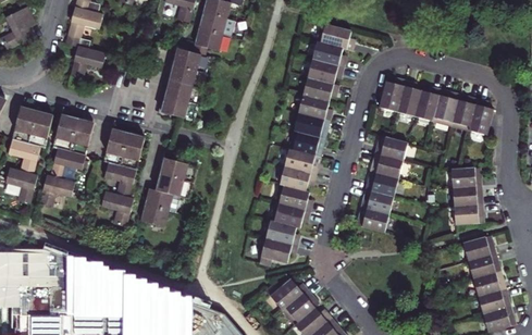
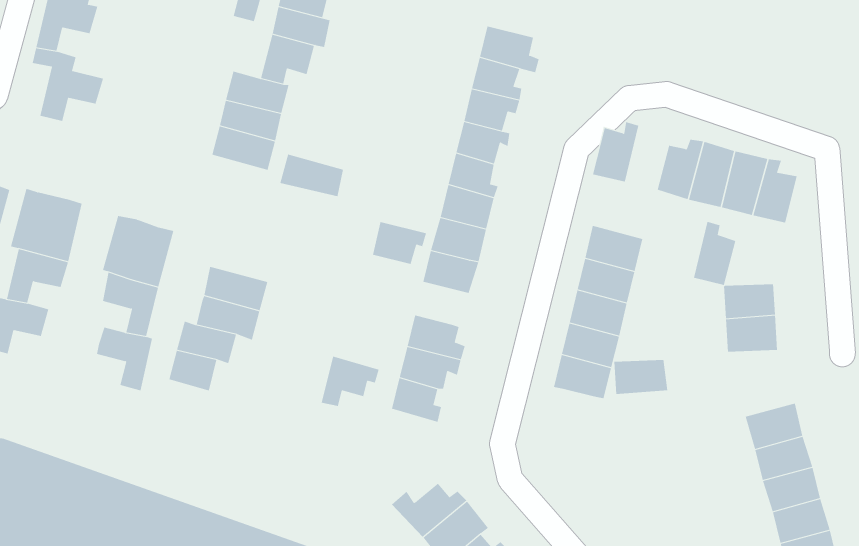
building: [396,78,420,114] -> [693,221,736,286]
building: [161,95,197,119] -> [280,154,344,197]
building: [279,165,309,189] -> [372,222,427,265]
building: [453,203,483,223] -> [613,359,668,395]
building: [259,236,292,264] -> [321,356,379,407]

